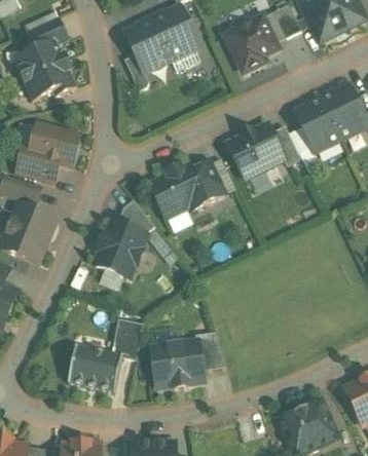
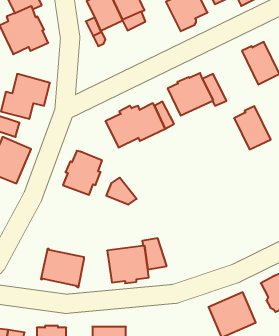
building: [295,97,341,151] -> [234,106,271,149]
building: [117,200,155,234] -> [106,178,137,205]
building: [112,318,144,360] -> none

